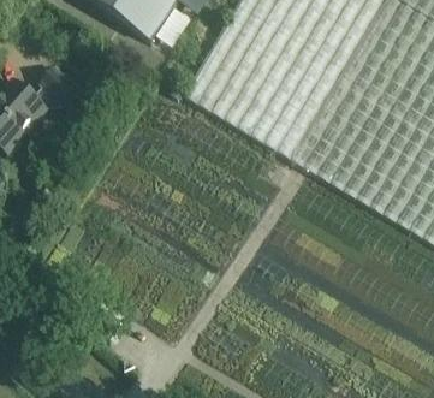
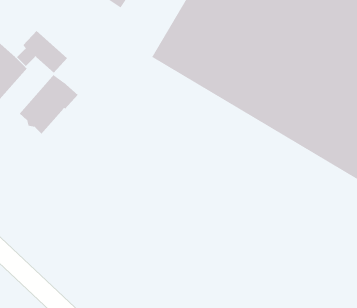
building: none -> [19,73,78,134]

